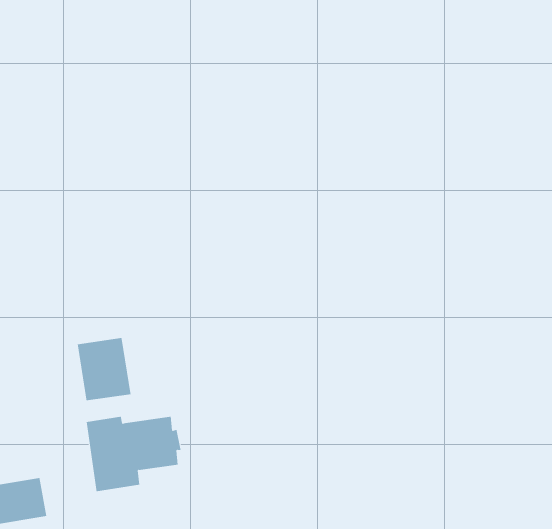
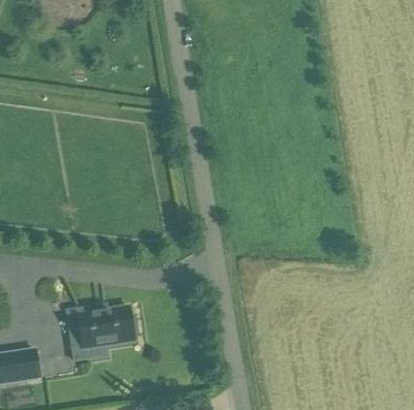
building: [77,337,131,401] -> none

